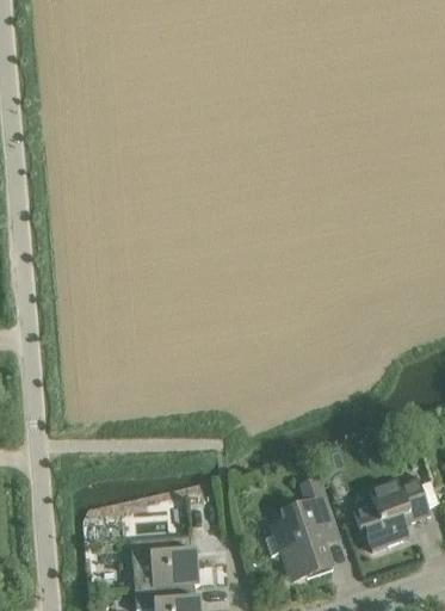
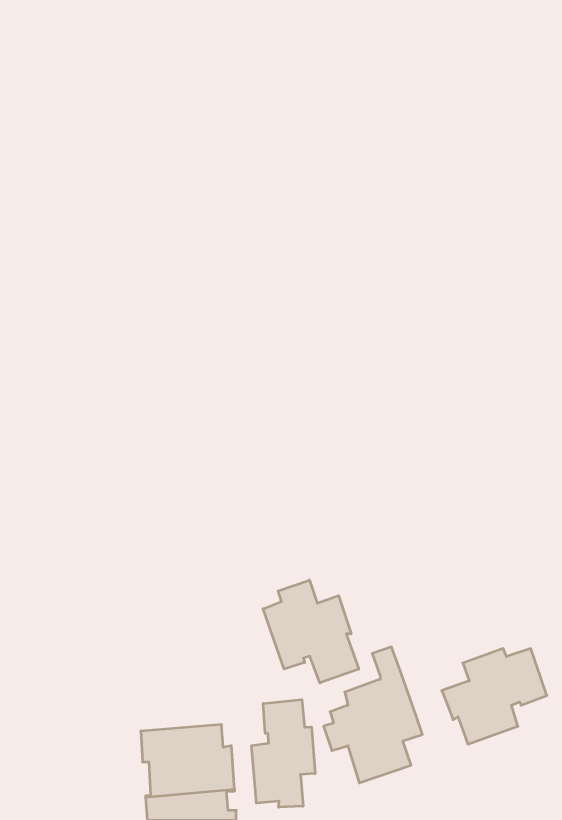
building: none -> [263,580,359,683]
building: none -> [252,700,315,807]

